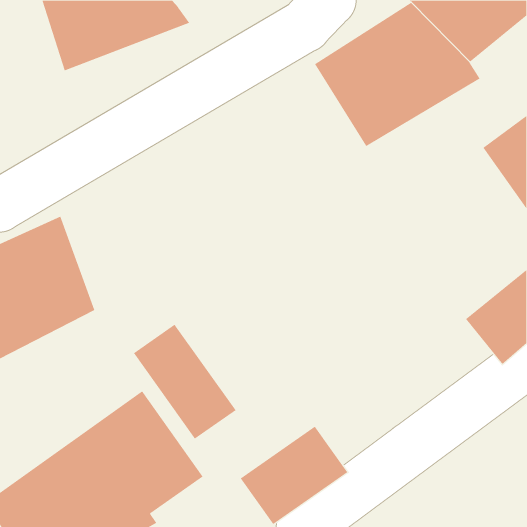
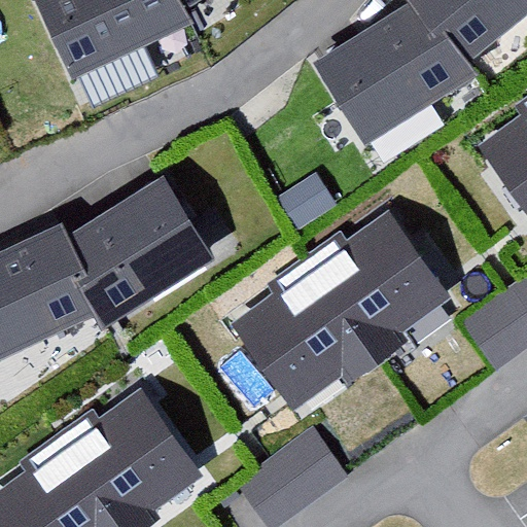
building: none -> [61,161,221,322]
building: none -> [232,213,450,410]
building: [133,324,236,439] -> none

